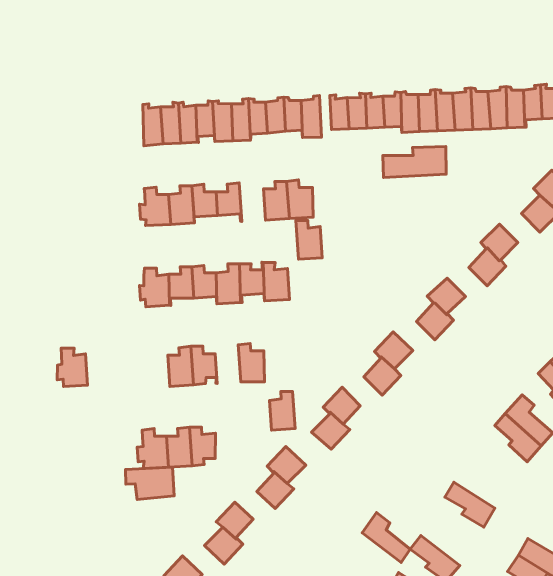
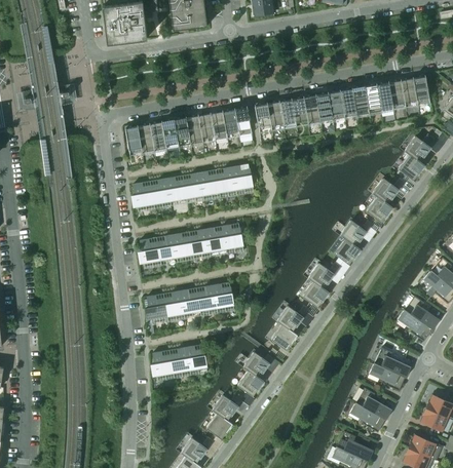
building: [383,147,446,177] -> none
building: [296,221,322,259] -> [198,171,220,199]
building: [57,348,87,387] -> [145,296,167,323]
building: [269,391,295,430] -> [196,285,217,314]
building: none -> [374,347,410,377]
building: [126,467,174,500] -> none
building: [362,512,410,563] -> [355,387,390,420]

